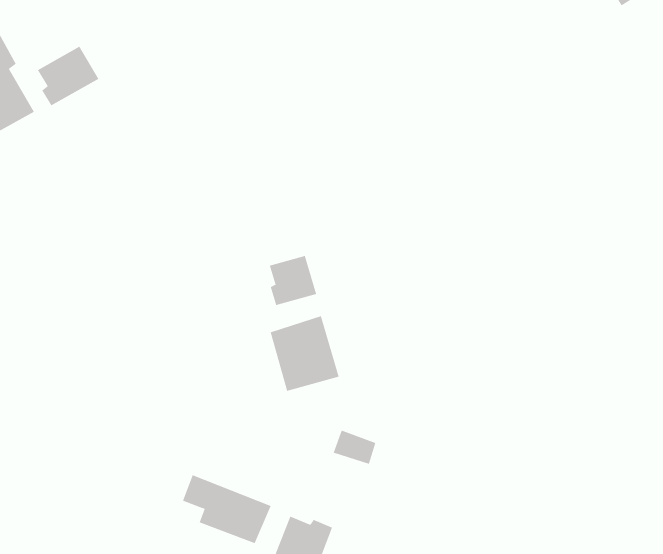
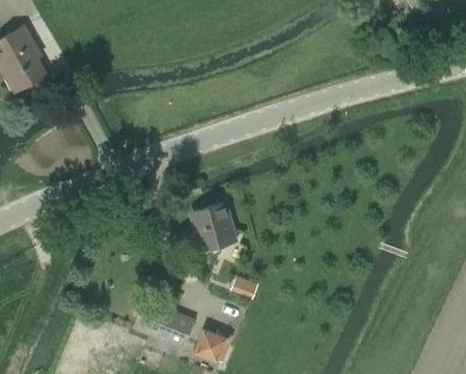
building: [37,46,99,106] -> none
building: [269,255,317,306] -> none

